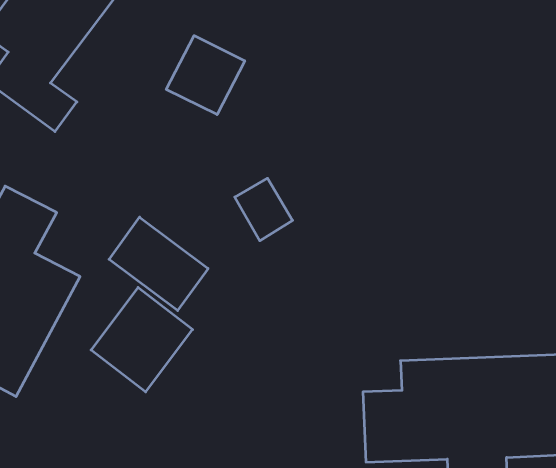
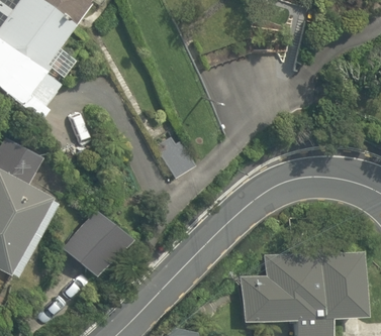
building: [166,36,245,115] -> none
building: [109,217,208,311] -> none

